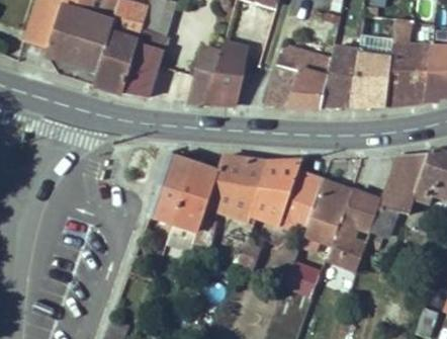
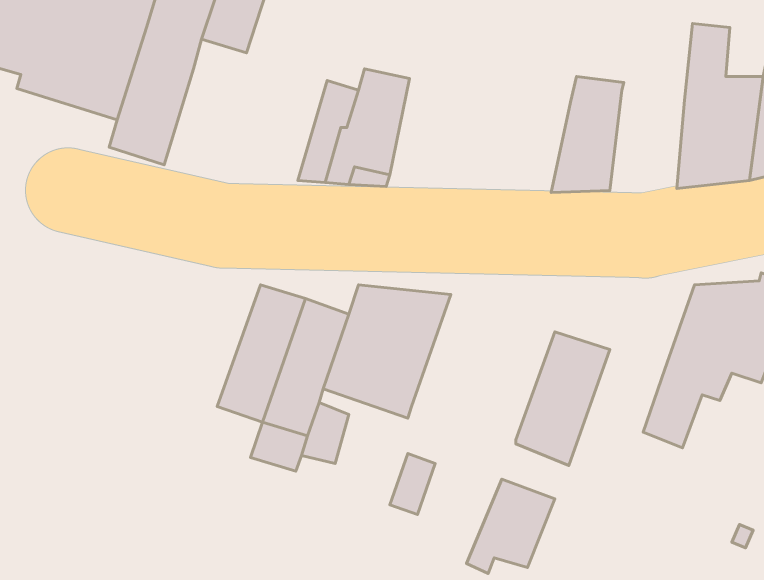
building: [122,27,168,95] -> none
building: [265,47,332,106] -> none
building: [352,54,390,105] -> none
building: [250,159,324,234] -> none
building: [326,187,380,272] -> none

